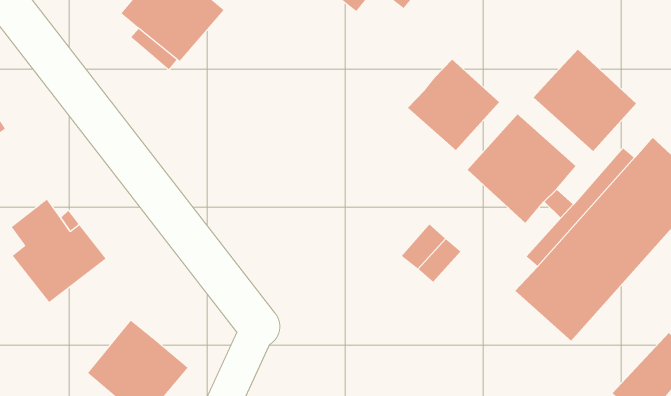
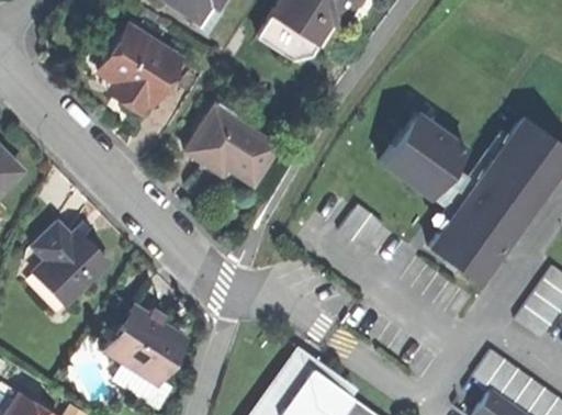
building: [533,49,637,152] -> none
building: [407,59,500,151] -> none
building: none -> [187,114,278,183]

